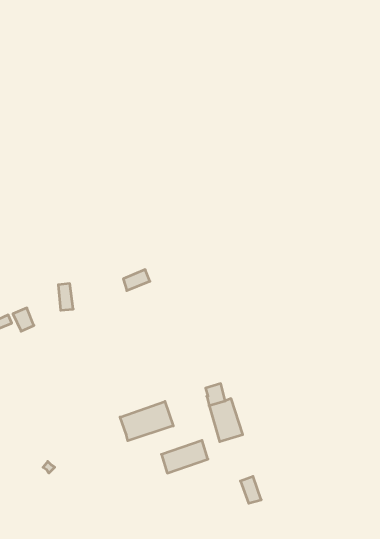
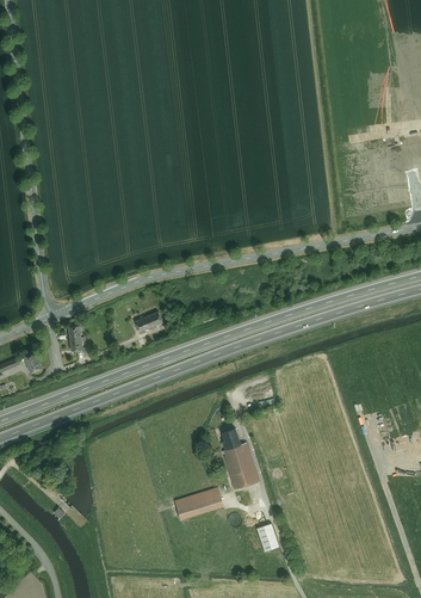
building: [120,401,173,441] -> none

